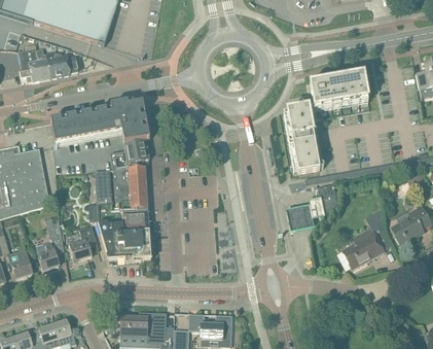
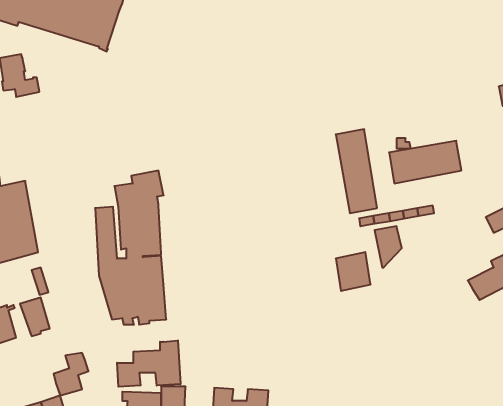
building: [37,47,78,76] -> none
building: [310,74,367,108] -> [389,141,461,183]
building: [50,101,149,143] -> none
building: [341,220,391,268] -> none
building: [69,225,97,259] -> [54,353,89,396]
building: none -> [117,340,180,387]

